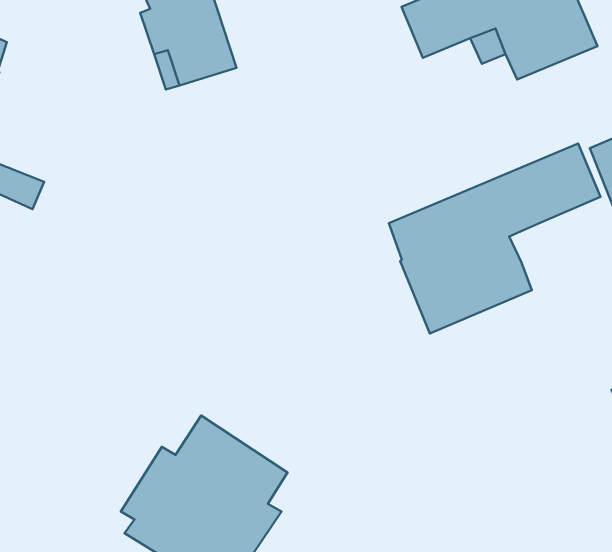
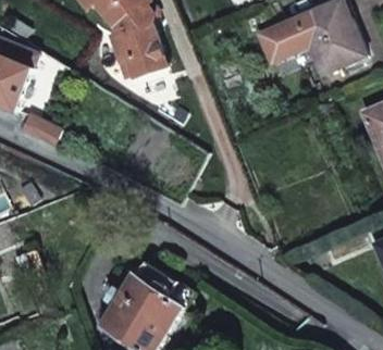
building: [389,143,601,334] -> none

